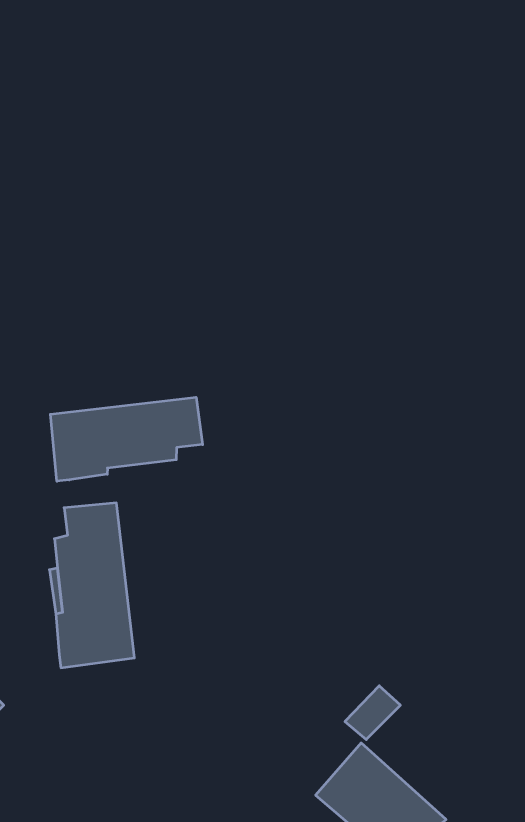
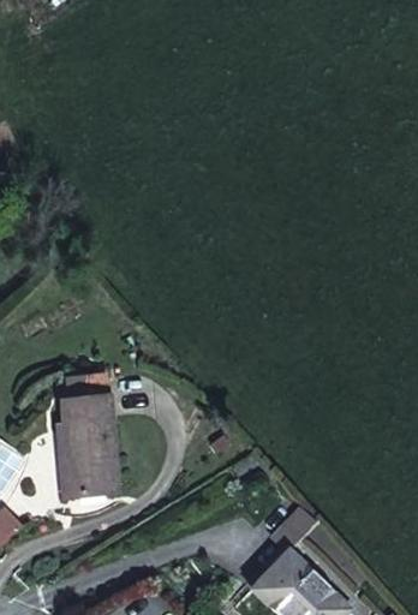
building: [50,397,203,481] -> none

